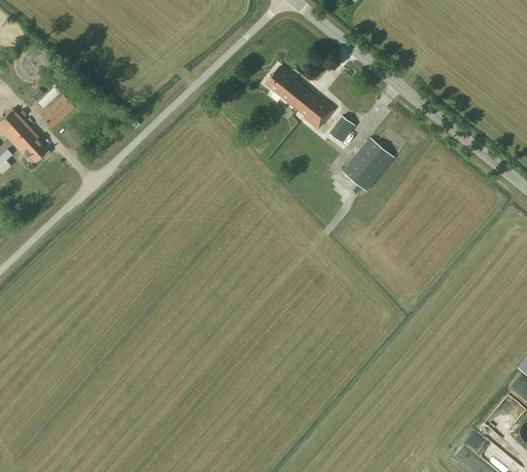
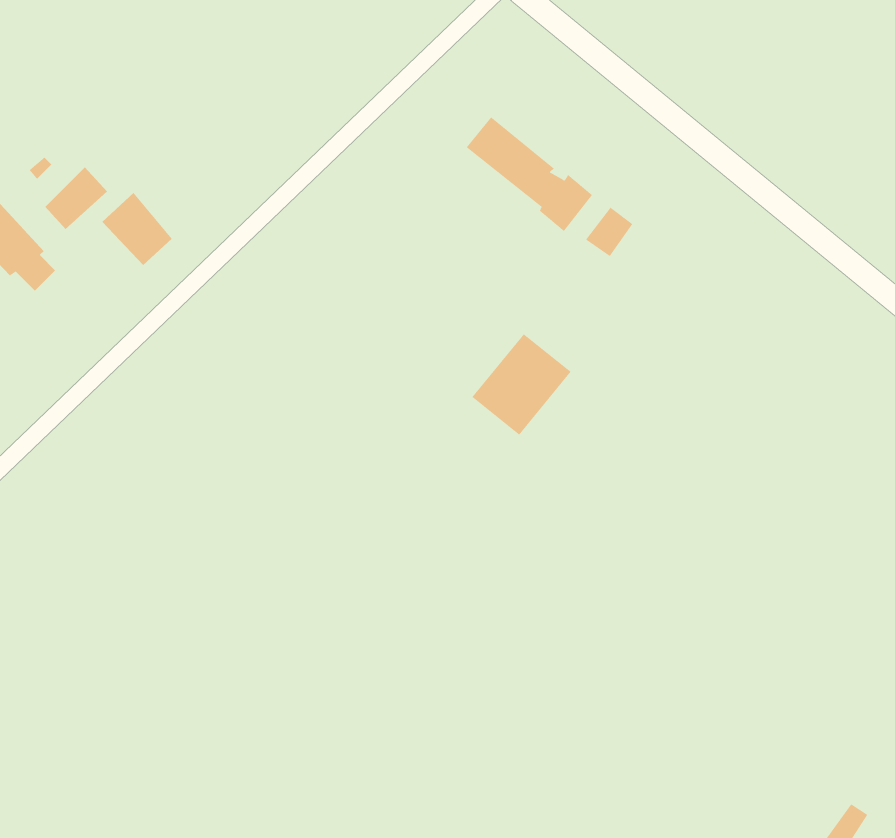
building: none -> [102,192,172,266]
building: [342,137,395,191] -> [471,333,571,435]

